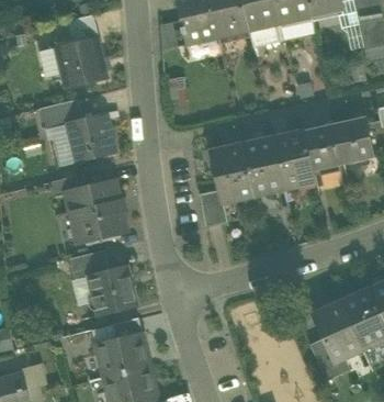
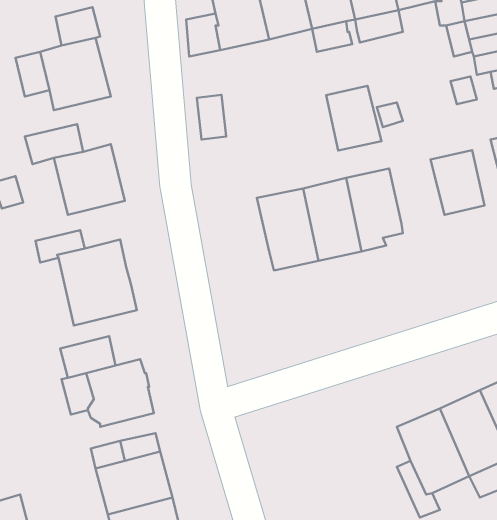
building: [45,122,76,167] -> none
building: [305,123,345,169] -> [326,86,381,150]
building: [201,189,228,227] -> none

